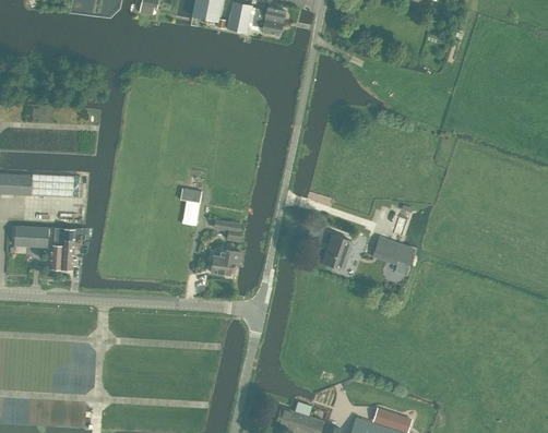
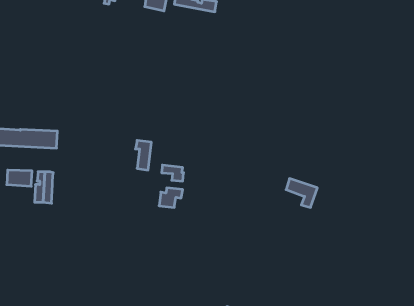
building: [227,13,283,36] -> none
building: [323,234,350,268] -> none

